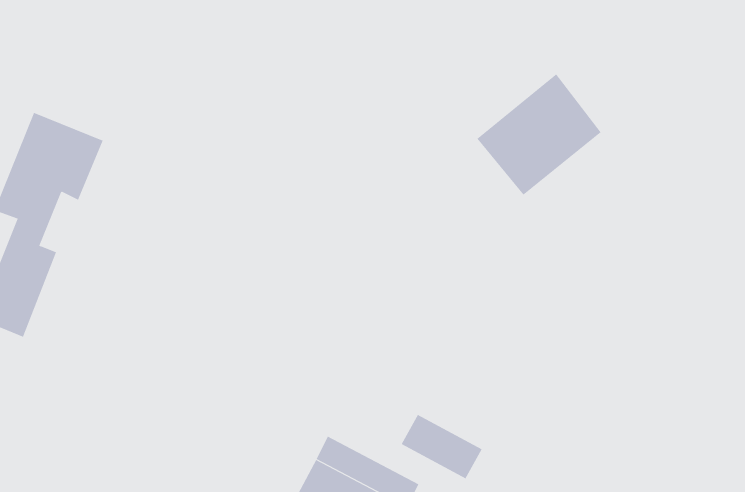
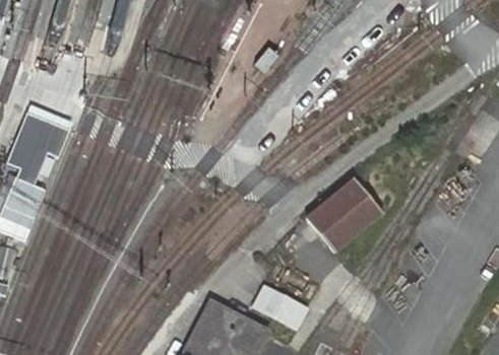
building: [476,74,602,195] -> [306,176,382,251]

